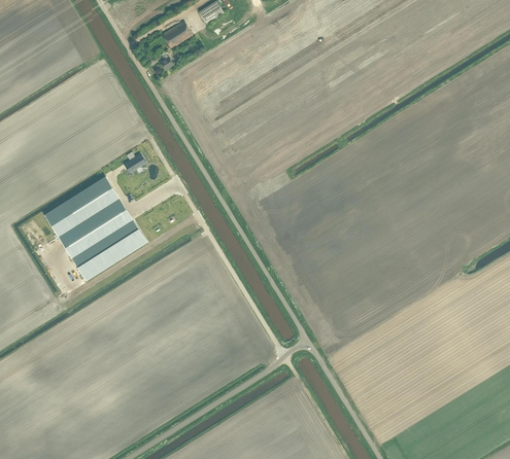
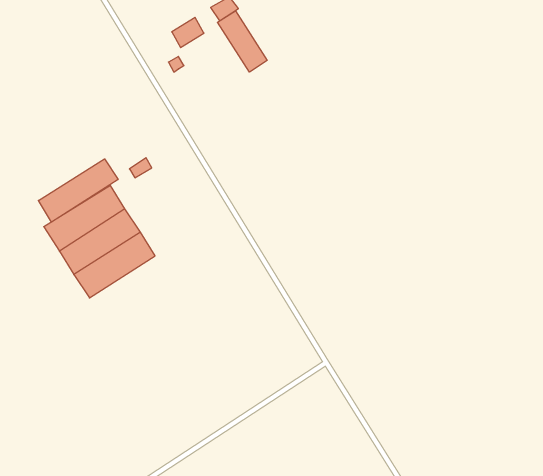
building: none -> [217,11,267,72]
building: none -> [38,159,118,222]

